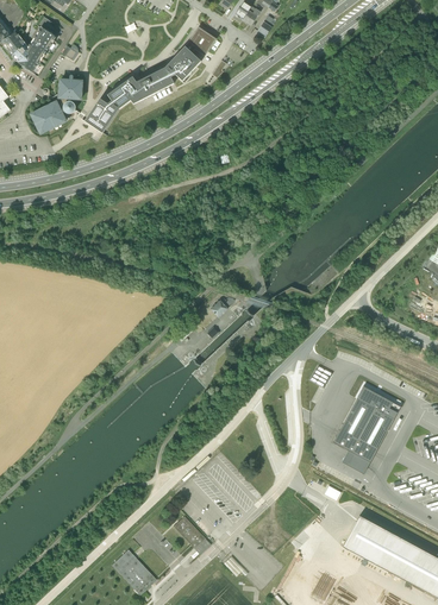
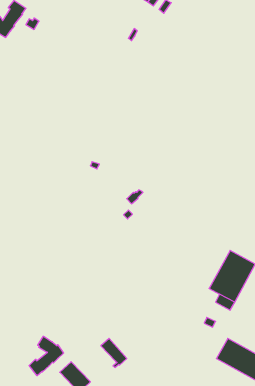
building: [85,26,217,133] -> none
building: [31,74,83,134] -> none
building: none -> [29,336,64,376]

